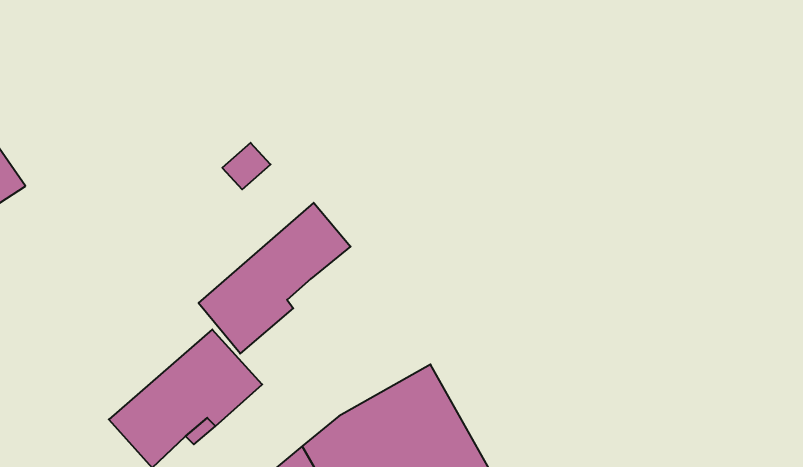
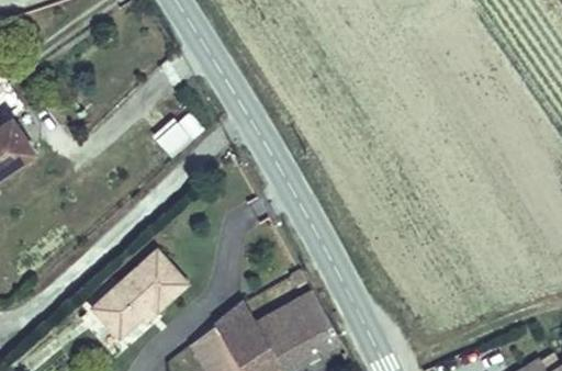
building: [199,203,351,354] -> none

